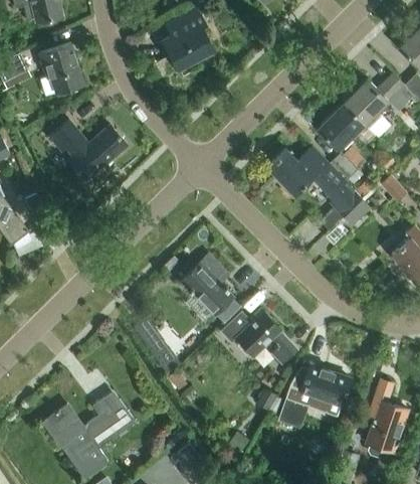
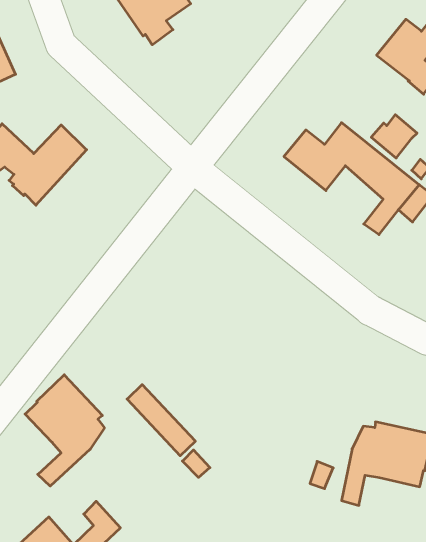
building: [318,103,364,151] -> none
building: [181,253,240,322] -> none
building: none -> [25,375,104,486]
building: [220,311,297,364] -> none

